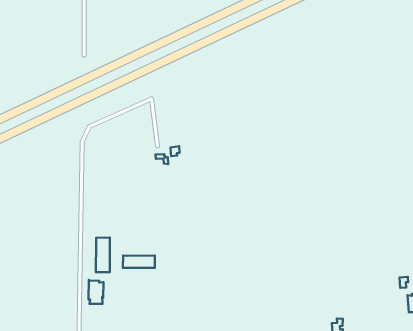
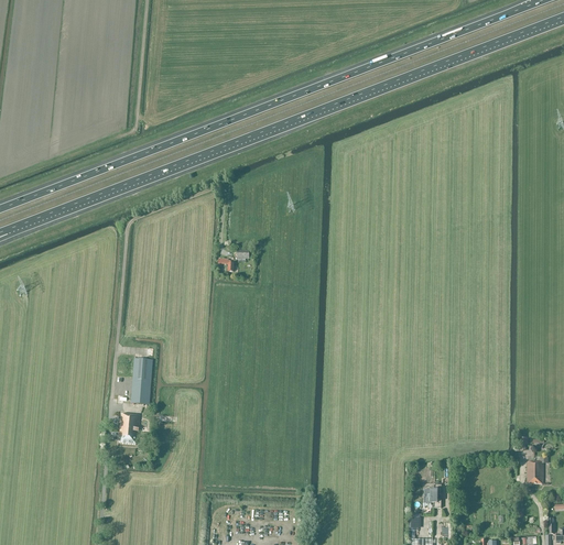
building: [123,256,155,268] -> none

